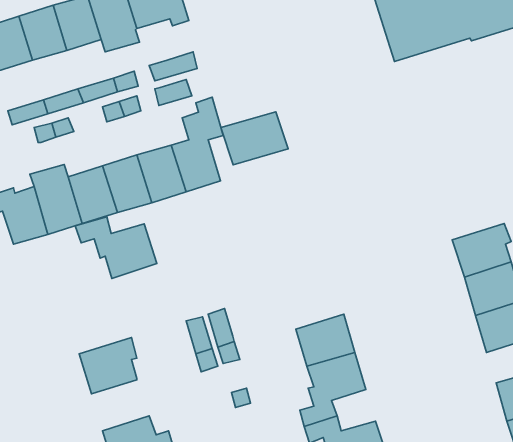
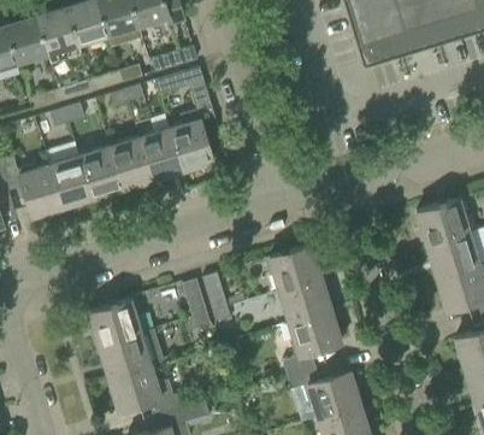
building: [221,112,288,165] -> none
building: [75,217,157,279] -> none
building: none -> [265,245,321,290]
building: none -> [100,330,165,380]

